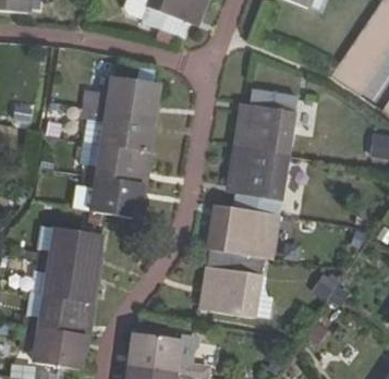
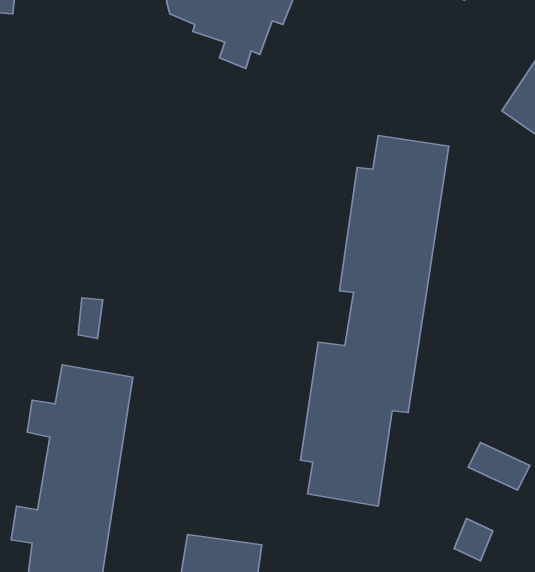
building: [84,76,160,218] -> none

